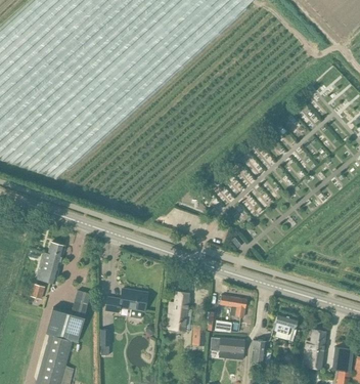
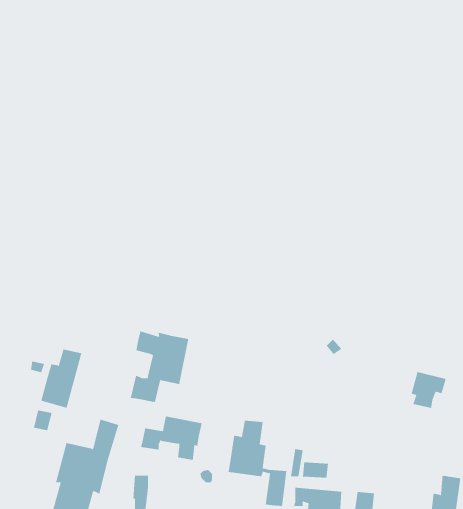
building: none -> [130,331,189,403]
building: [219,294,246,316] -> none
building: [273,313,298,339] -> [411,371,447,409]

